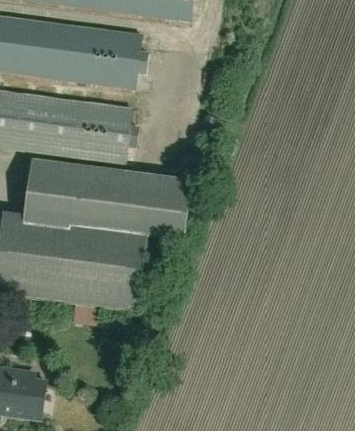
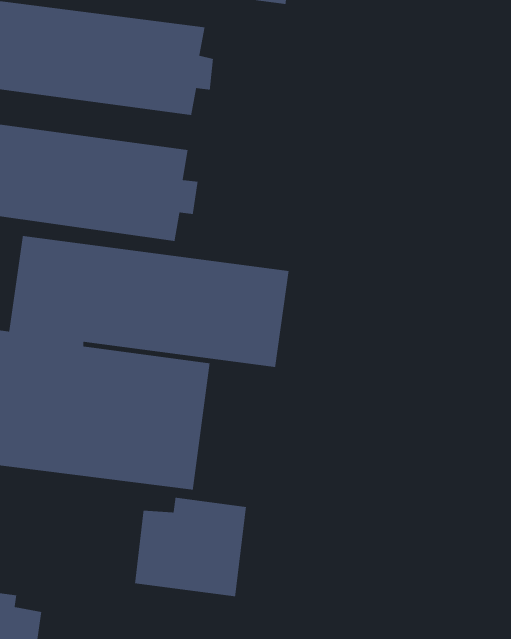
building: none -> [134,497,247,597]

